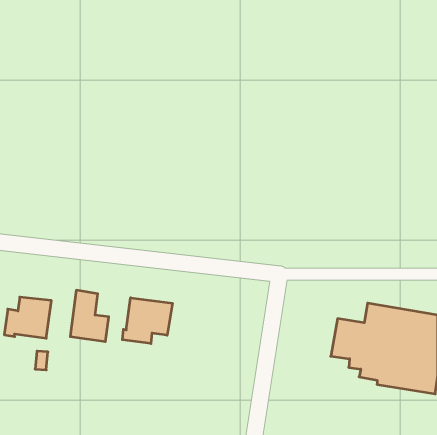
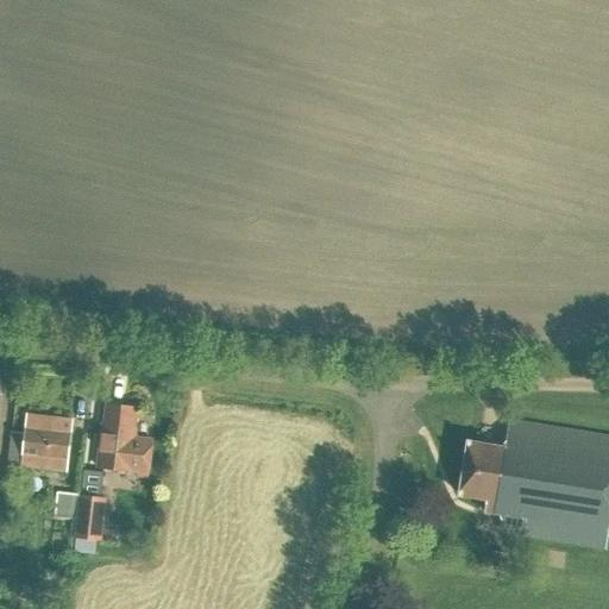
building: [122,298,172,344] -> none
building: none -> [74,495,103,540]

